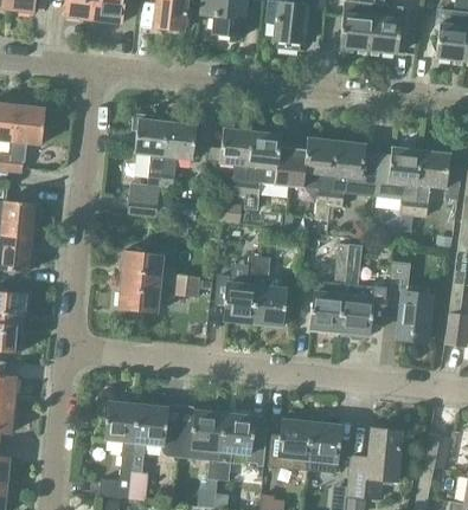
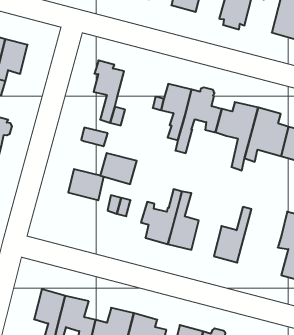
building: [164,122,197,159] -> none
building: [340,254,389,341] -> none
building: [118,279,160,312] -> [100,153,137,184]

